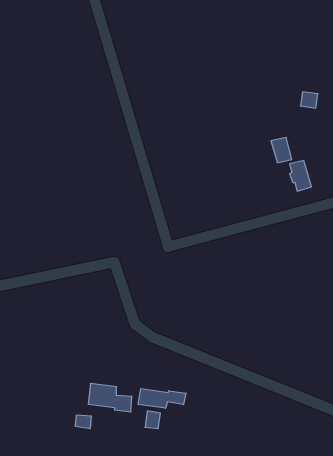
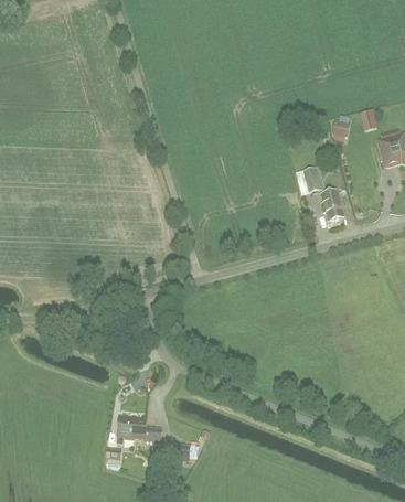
building: [138,389,186,408] -> none

